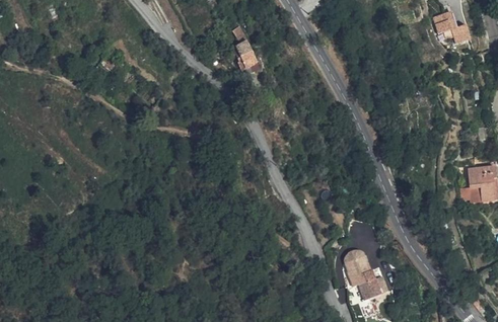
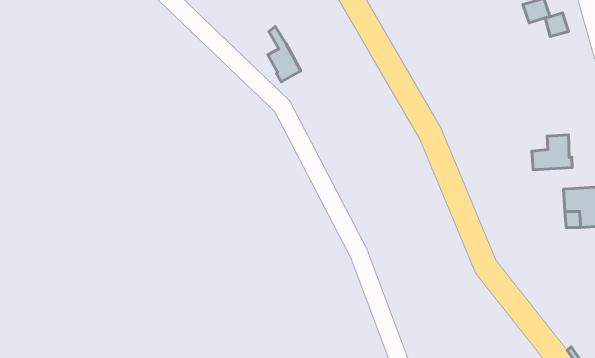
building: none -> [532,135,572,170]
building: [349,249,379,298] -> none

